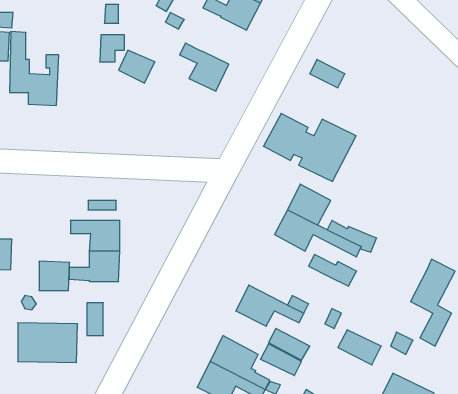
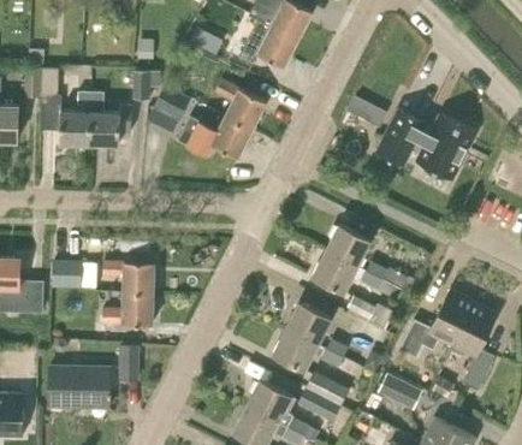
building: none -> [89,91,131,143]
building: none -> [178,115,253,158]
building: [263,113,356,181] -> [380,108,475,178]
building: none -> [399,290,474,357]
building: none -> [286,302,331,344]
building: [39,261,70,291] -> [52,257,83,287]

